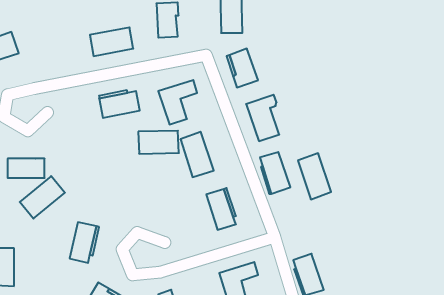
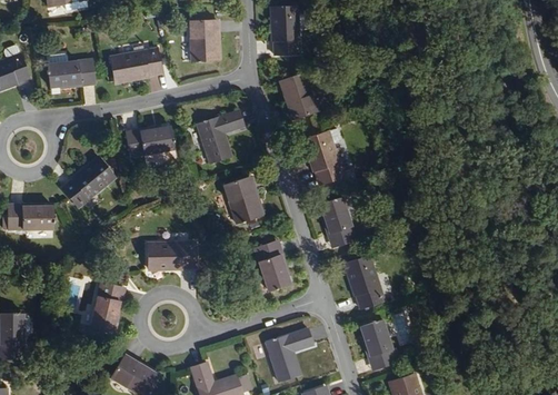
building: none -> [47,53,94,87]
building: [138,131,179,154] -> [147,240,196,268]
building: [298,153,331,199] -> [343,254,383,309]
building: [20,176,65,219] -> [64,152,119,204]

